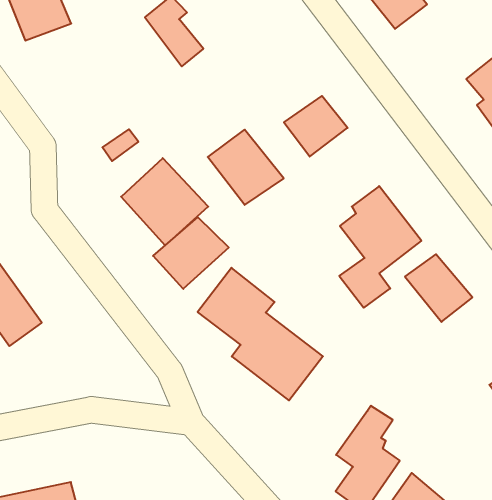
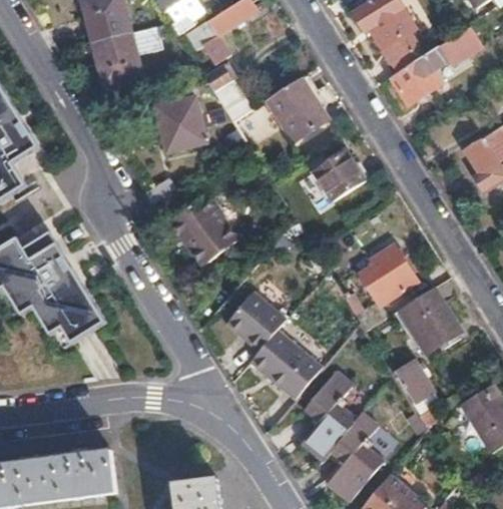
building: none -> [153,96,206,151]
building: [208,130,284,205] -> [266,77,327,139]
building: [153,217,229,289] -> none
building: none -> [396,360,433,403]
building: none -> [306,368,361,456]

